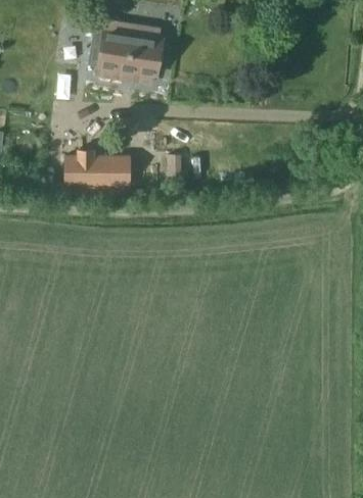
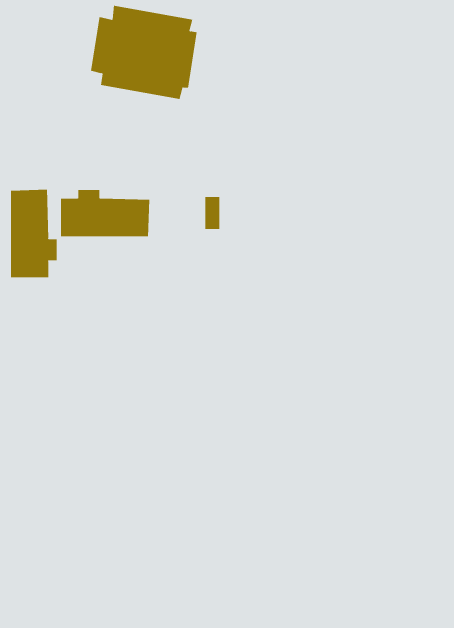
building: none -> [10,189,57,278]

